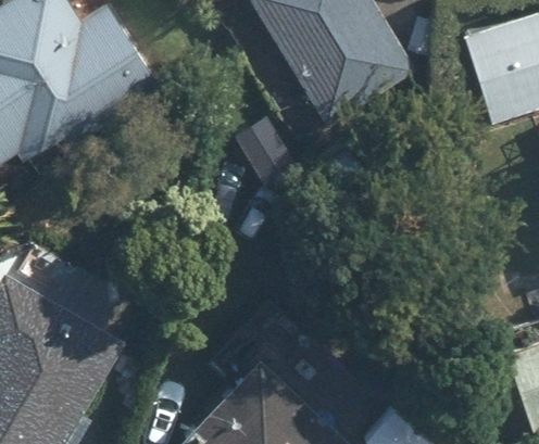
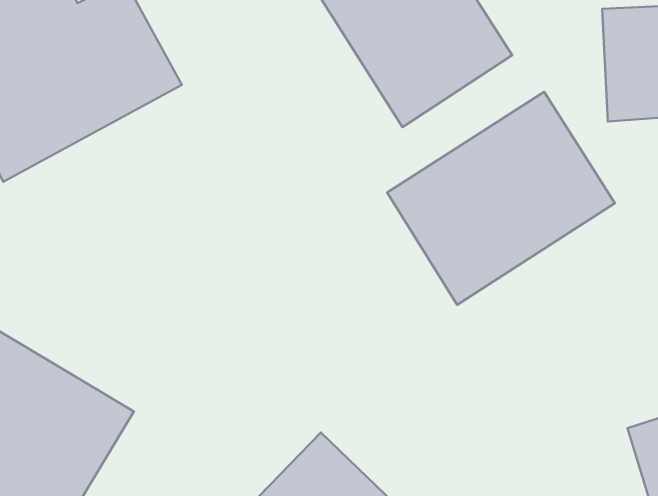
building: none -> [387,92,615,305]

